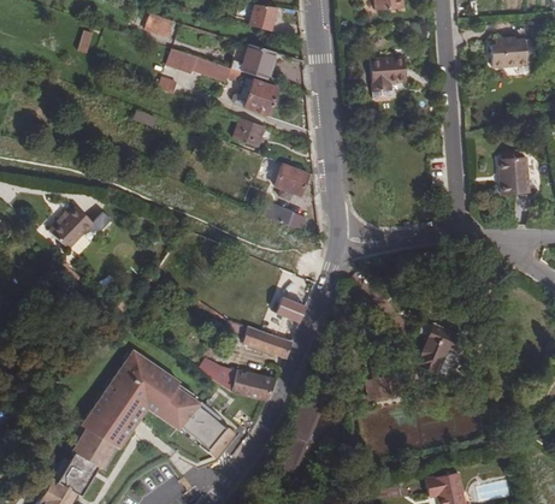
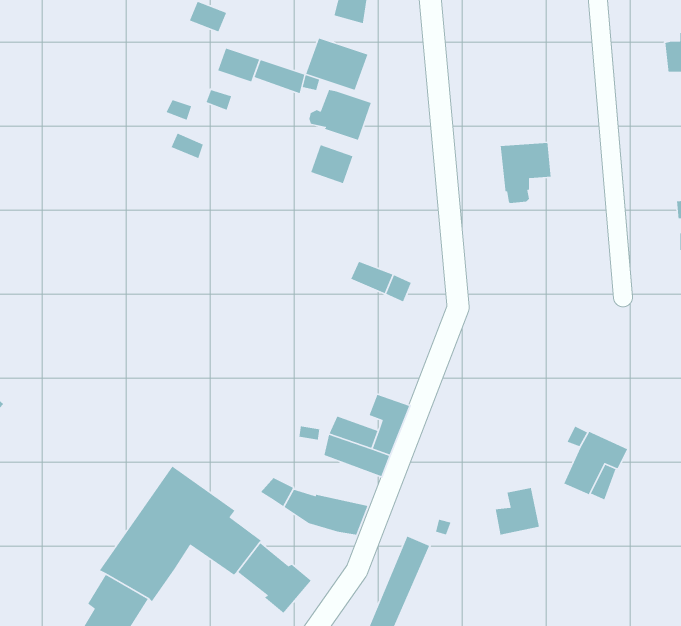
building: [368,55,406,100] -> [500,142,551,204]
building: [274,164,309,200] -> none
building: [48,206,93,249] -> none

